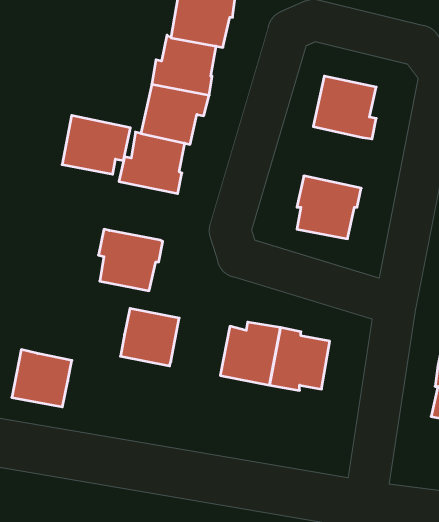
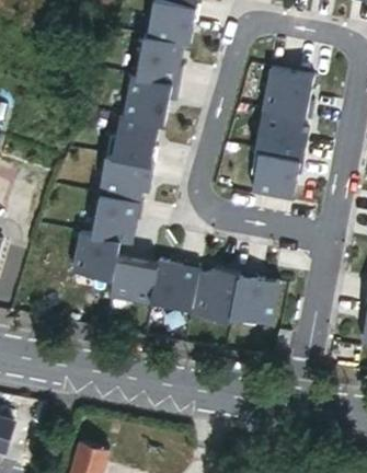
building: [62,115,130,174] -> [101,151,156,198]
building: none -> [256,107,308,157]
building: none -> [150,256,198,307]
building: [12,350,72,407] -> [72,228,121,274]

